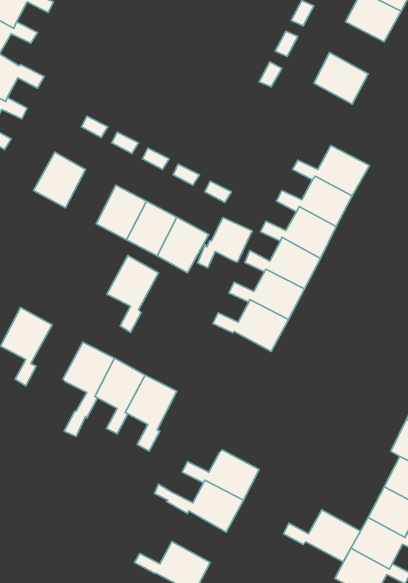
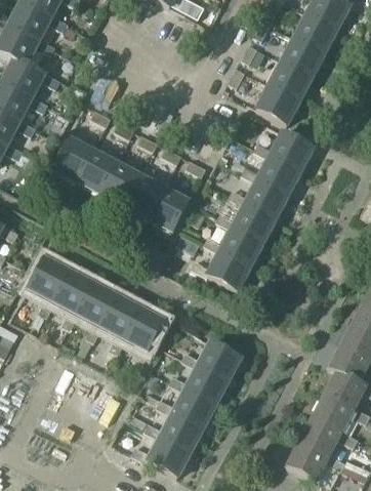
building: none -> [282,35,324,75]
building: none -> [256,82,299,122]
building: none -> [78,149,117,191]
building: [198,217,252,268] -> none
building: [107,256,159,333] -> [51,269,91,328]
building: [283,510,360,562] -> [181,340,241,380]
building: none -> [143,412,202,452]

